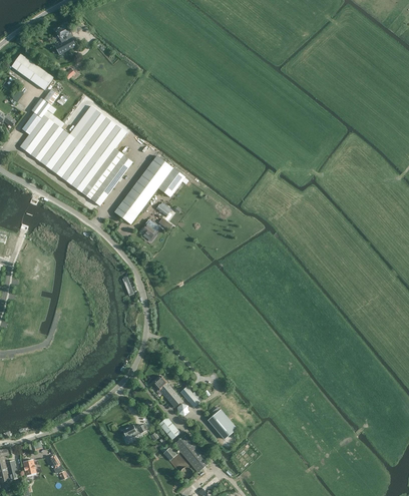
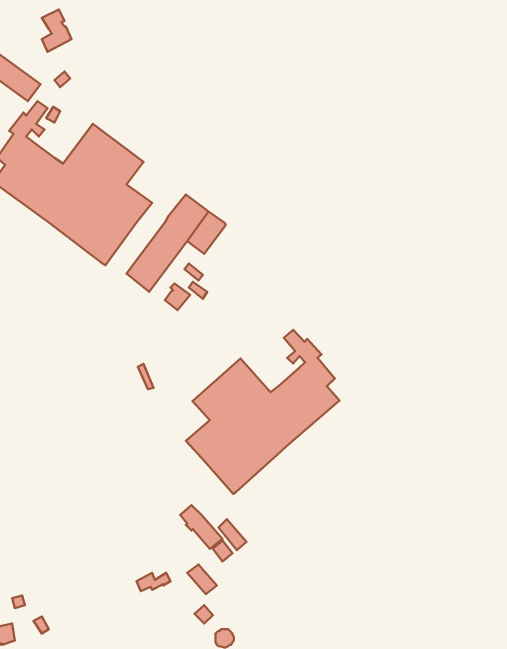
building: none -> [186,330,340,494]
building: [208,407,236,439] -> none
building: [173,434,210,472] -> none

